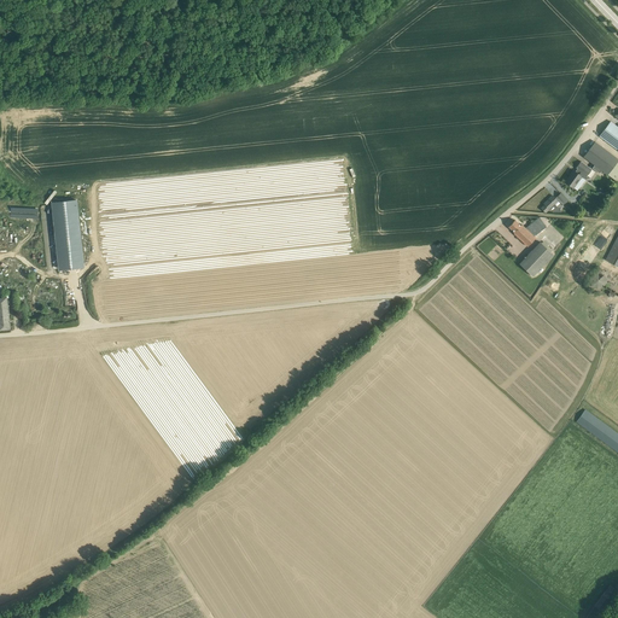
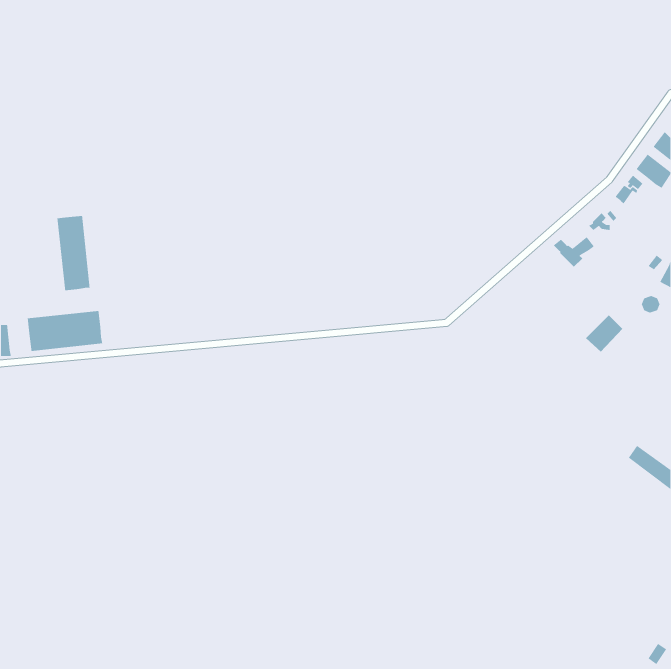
building: [519,243,554,278] -> [585,314,623,352]
building: none -> [27,310,103,352]

